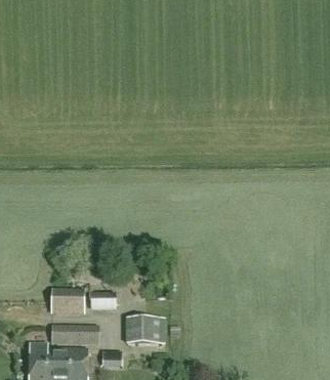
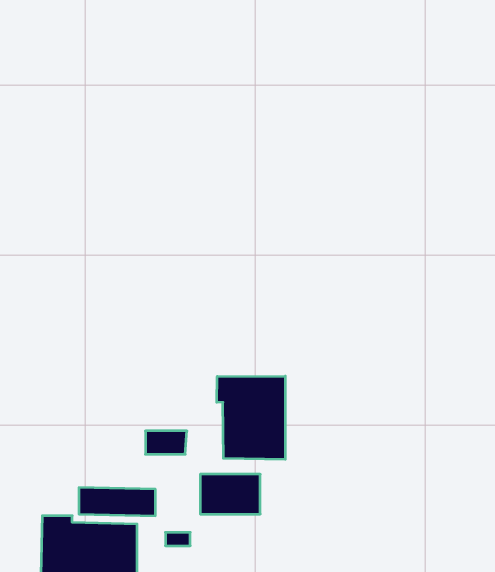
building: none -> [217,376,285,459]
building: [51,289,84,312] -> none

